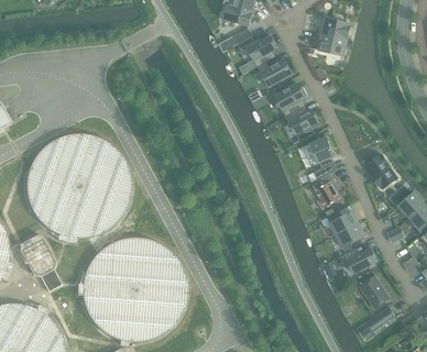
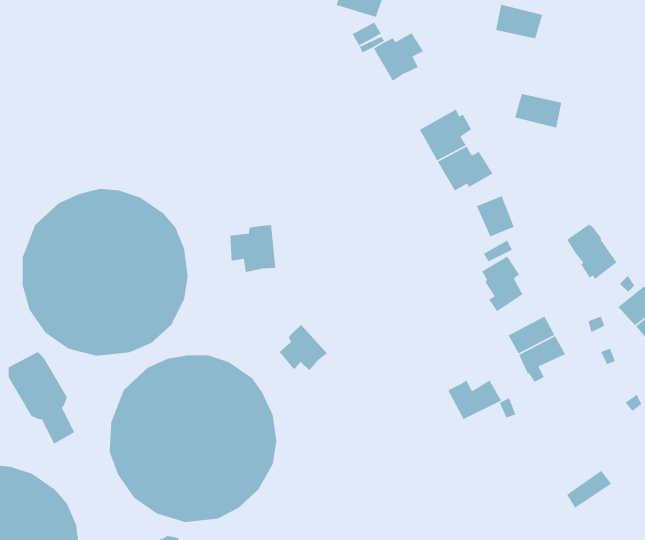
building: [317,34,347,56] -> [514,93,562,129]
building: [258,59,292,87] -> none
building: none -> [229,224,276,273]
building: none -> [279,324,328,371]
building: [343,248,377,273] -> [447,379,502,420]
building: [360,276,388,308] -> none

